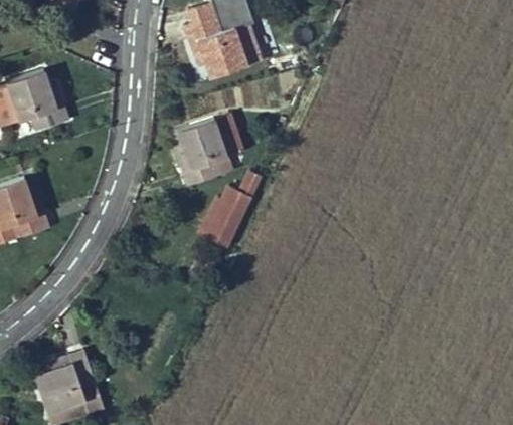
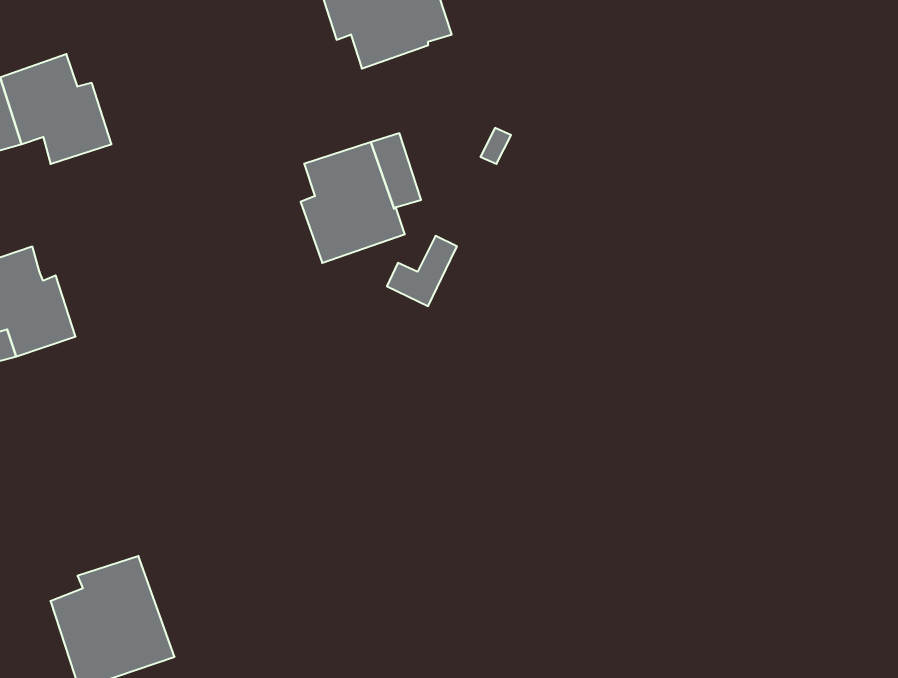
building: [200,196,245,246] -> none

